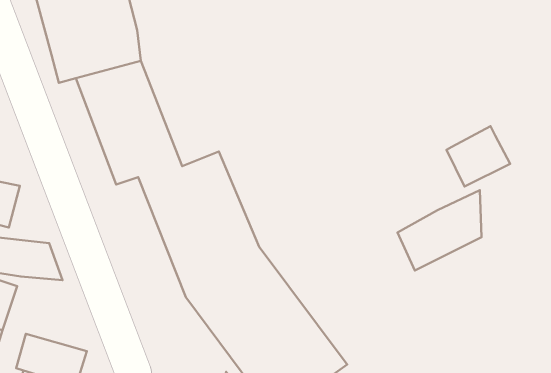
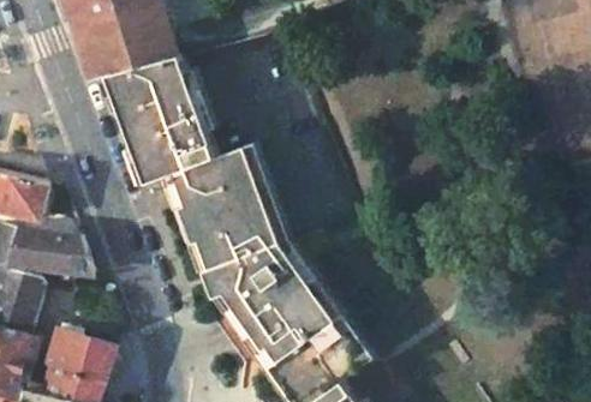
building: [446,126,510,186] -> none
building: [398,190,482,271] -> none

